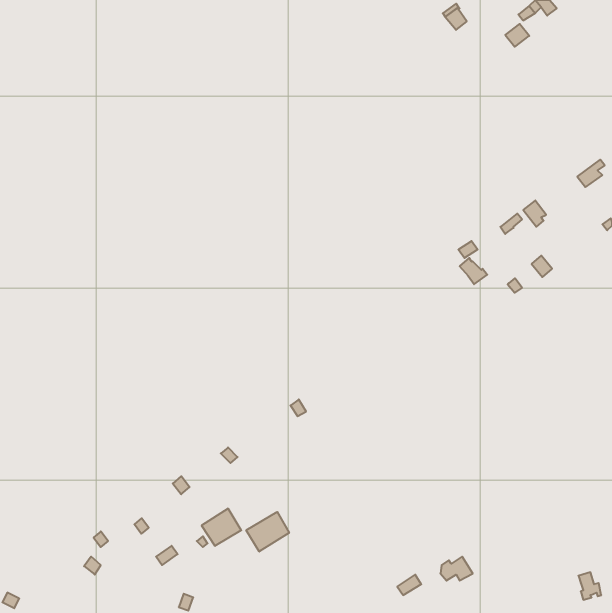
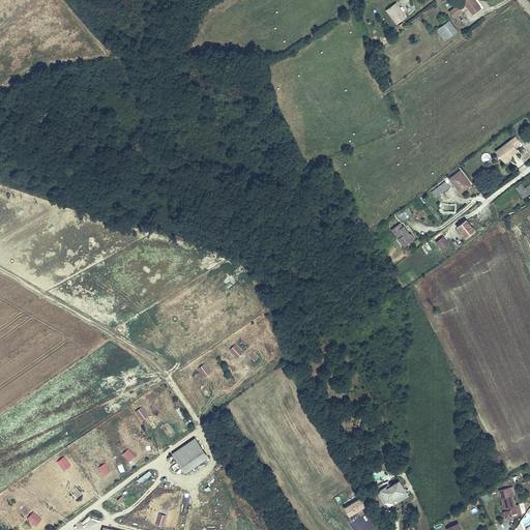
building: [246,512,289,552] -> none

